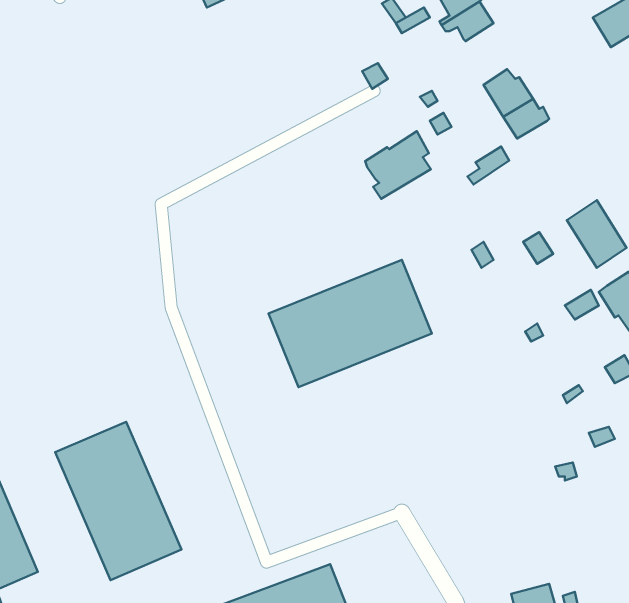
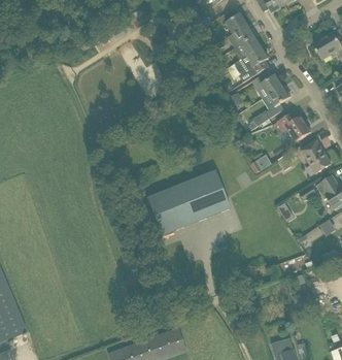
building: [365,131,431,199] -> [235,46,269,81]
building: none -> [276,112,311,141]
building: [55,422,181,580] -> none

